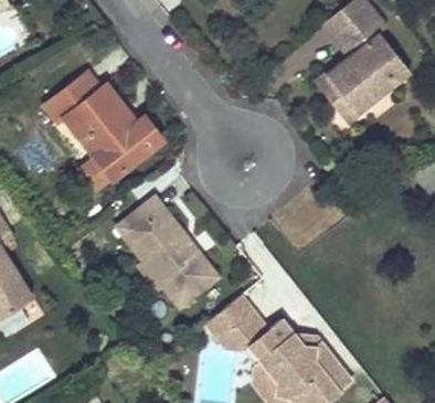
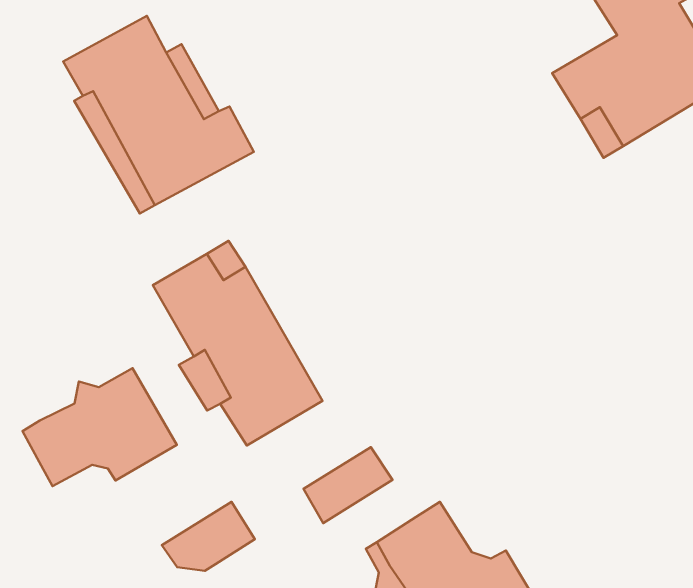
building: none -> [23,368,177,486]
building: [222,314,273,353] -> [162,502,255,571]

